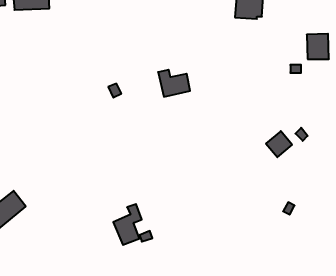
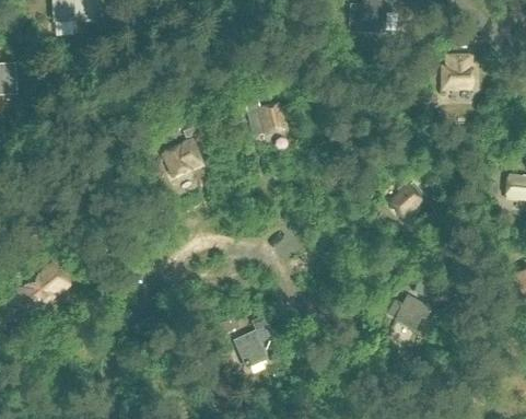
building: none -> [161,137,206,177]
building: [113,204,142,245] -> [233,315,271,370]
building: none -> [395,295,431,329]

